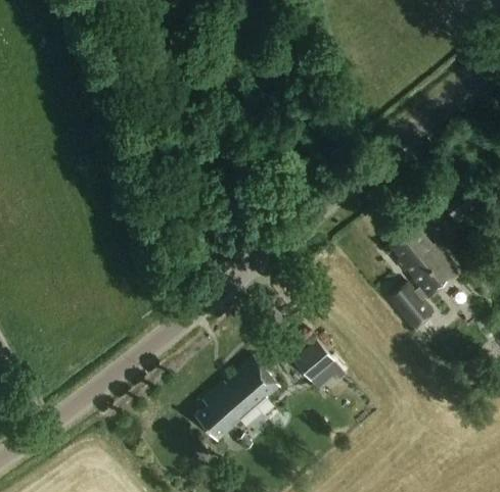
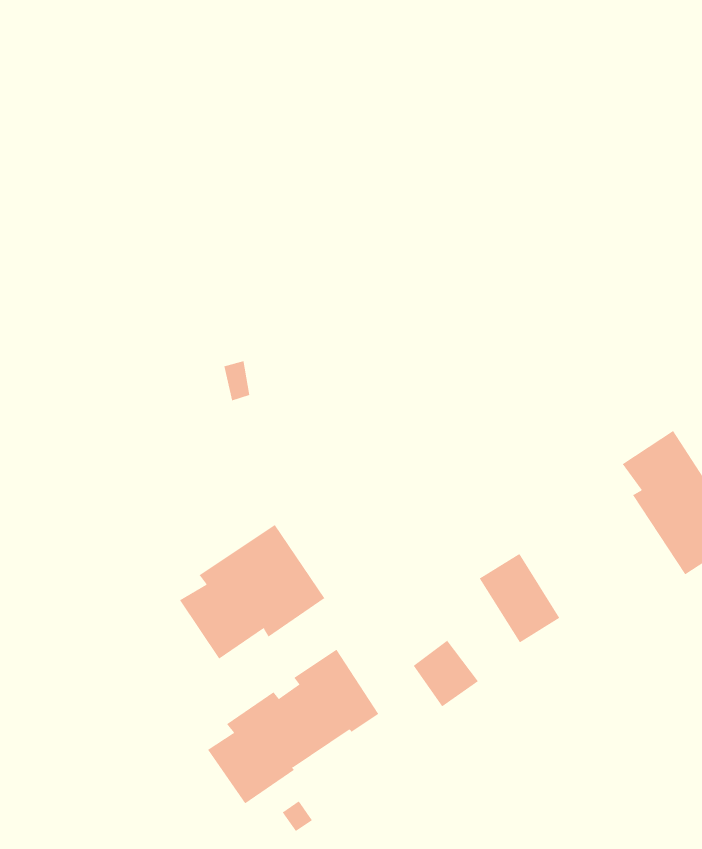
building: [388,284,431,330] -> [479,553,560,643]
building: none -> [179,524,325,660]

